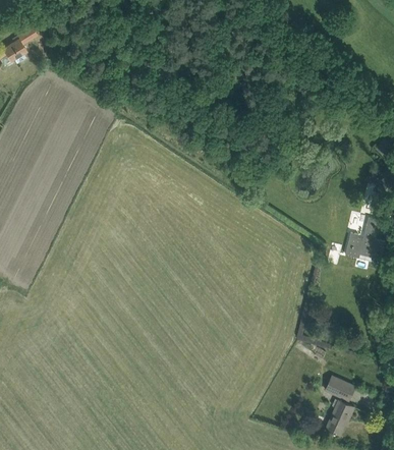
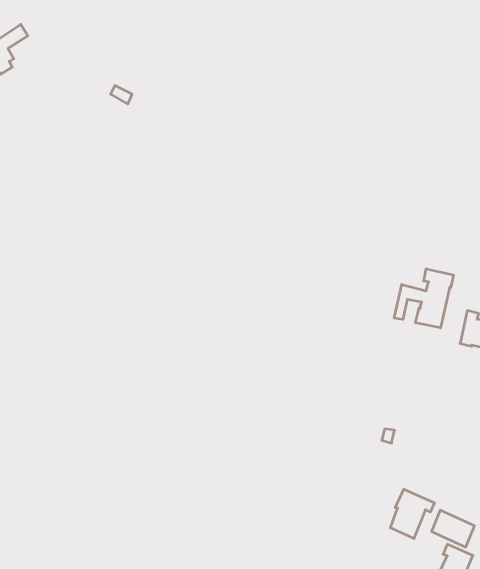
building: none -> [394,269,453,328]
building: none -> [390,489,434,539]

